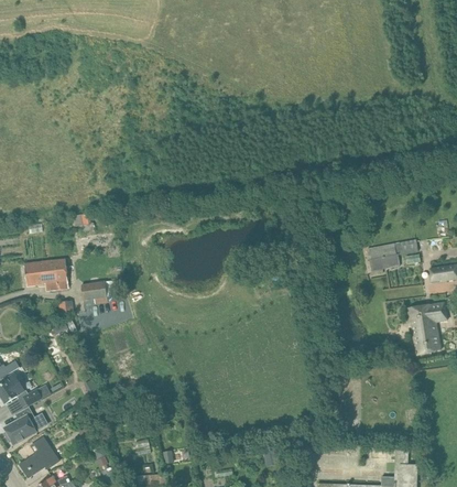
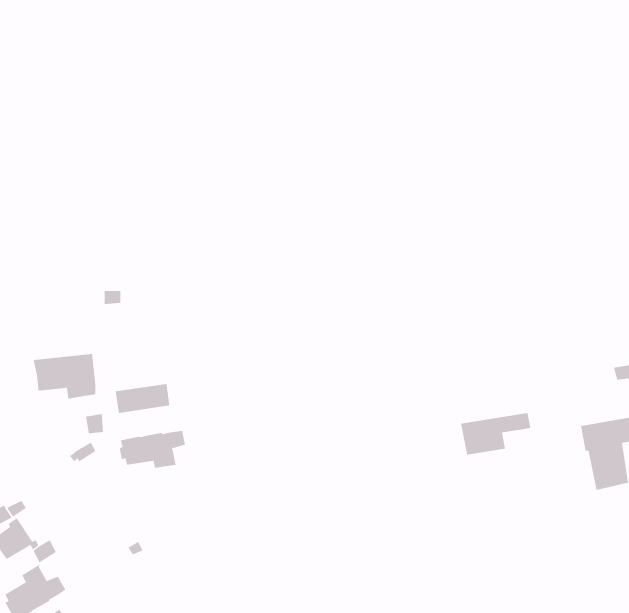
building: [368,239,417,269] -> [460,412,531,455]
building: none -> [119,430,185,469]

